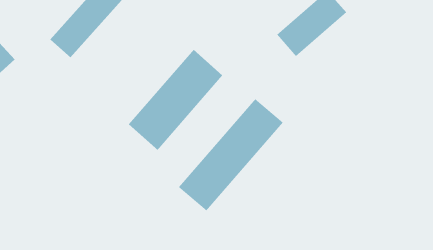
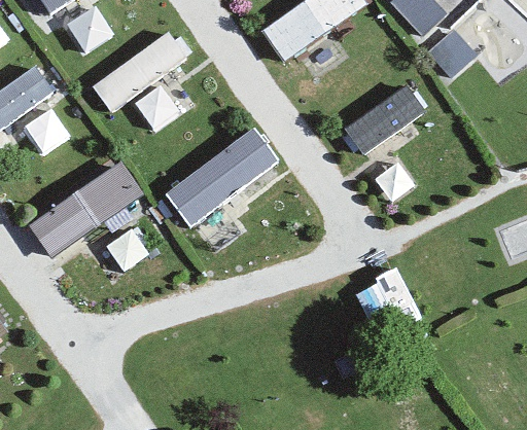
building: [178,98,284,212] -> none
building: none -> [30,163,144,259]

